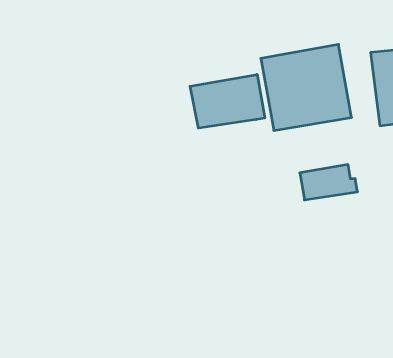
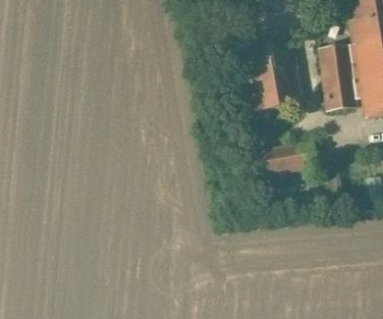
building: [190,74,265,128] -> none

